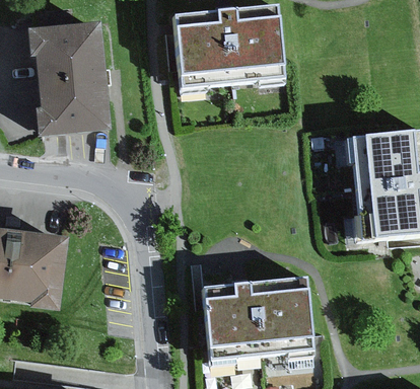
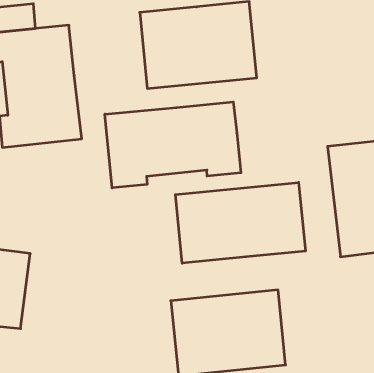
building: none -> [105,102,241,188]
building: none -> [175,182,305,263]

